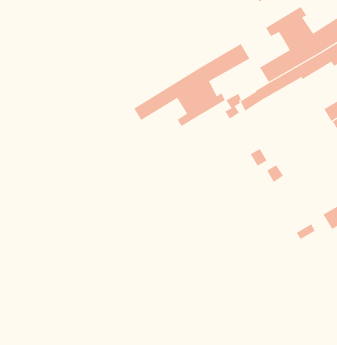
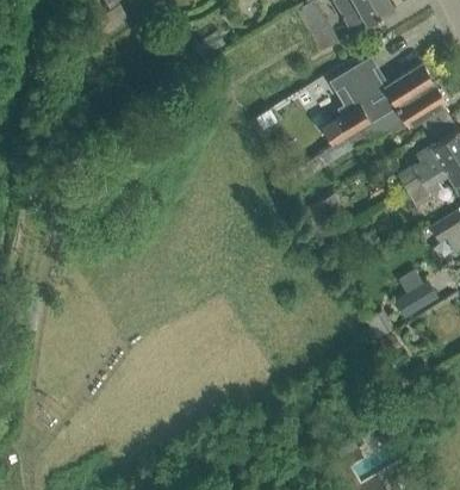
building: [133,43,250,127] -> none

